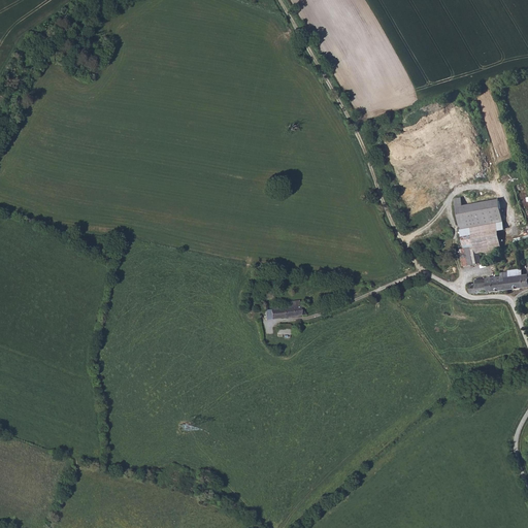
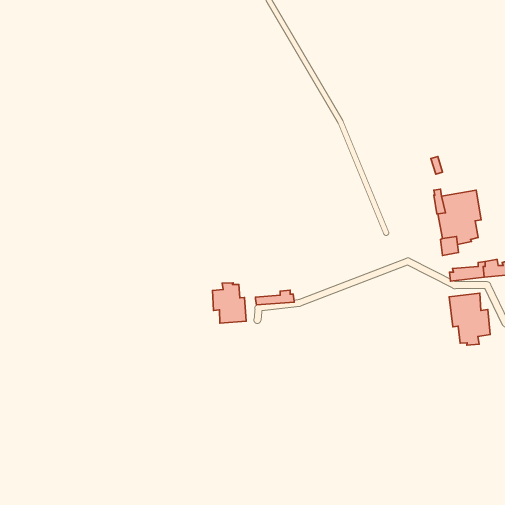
building: none -> [213,283,246,323]
building: none -> [449,293,490,345]

